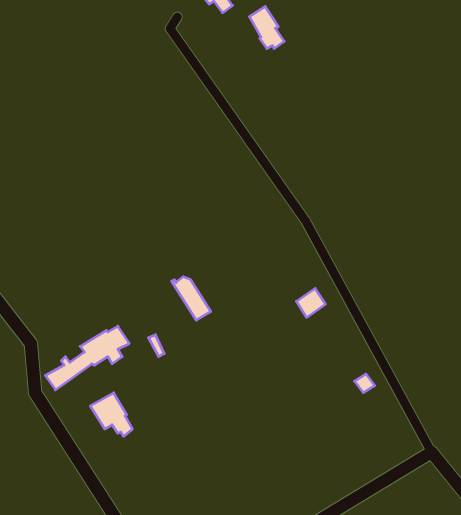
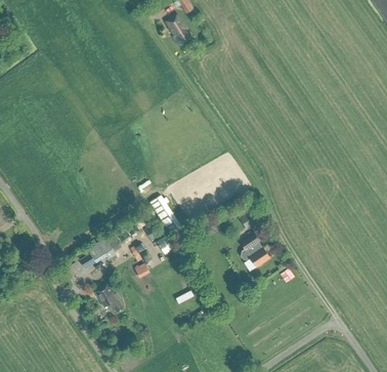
building: [249,6,284,49] -> [166,14,190,44]
building: none -> [241,234,270,267]

